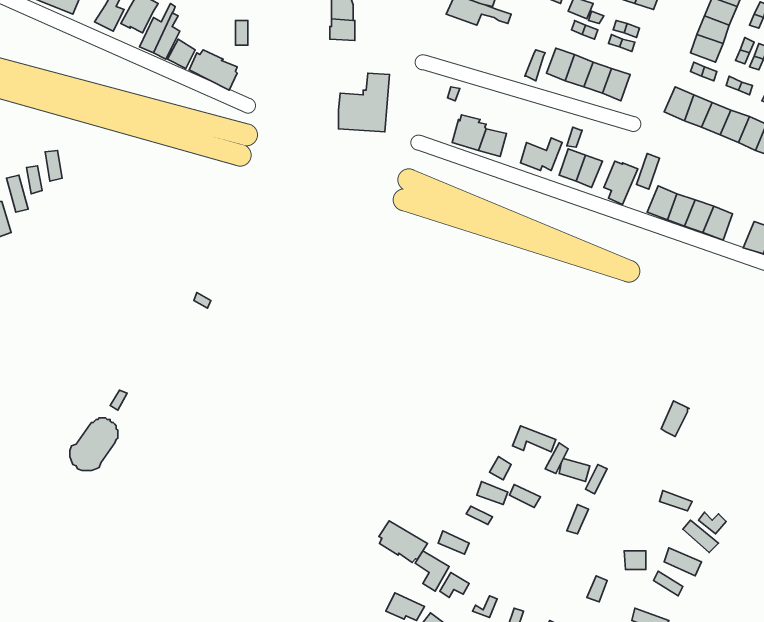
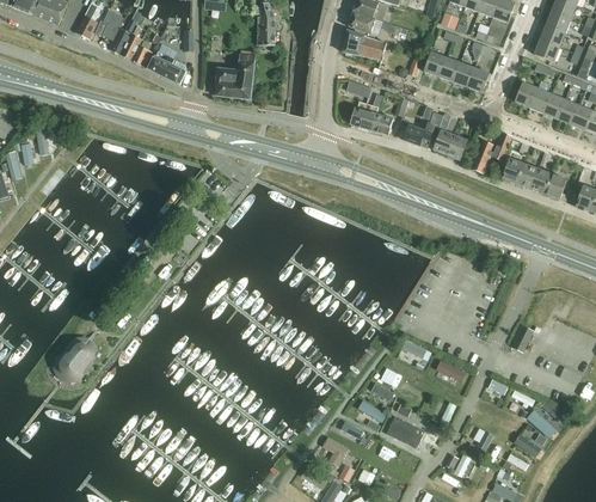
building: none -> [343,27,386,59]
building: [338,73,390,132] -> [216,51,256,97]
building: none -> [387,415,425,447]
building: [379,521,428,563] -> none

